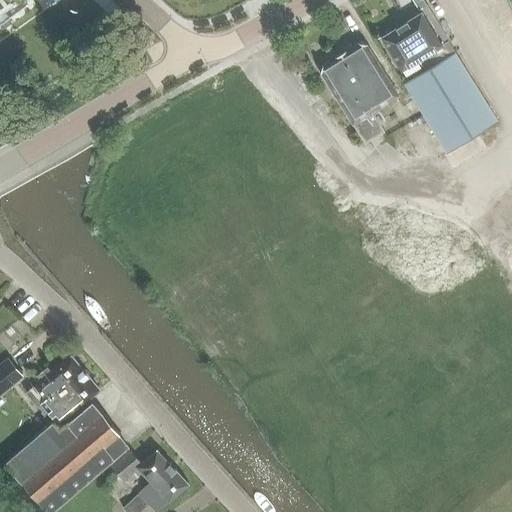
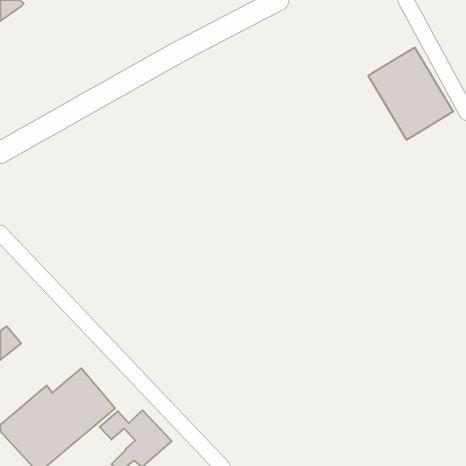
building: [381,14,455,79] -> none
building: [320,43,399,144] -> none
building: [27,357,99,424] -> none

